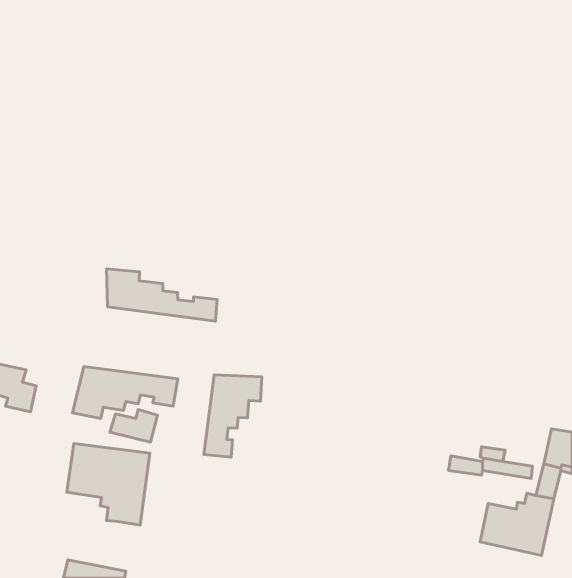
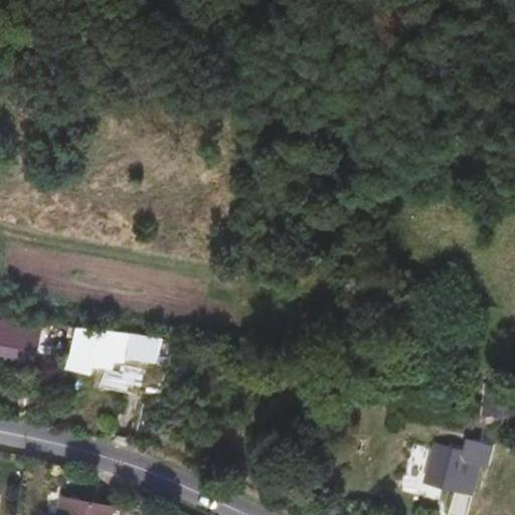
building: [106,269,217,321] -> none
building: [204,375,262,457] -> none
building: [67,443,150,525] -> none

